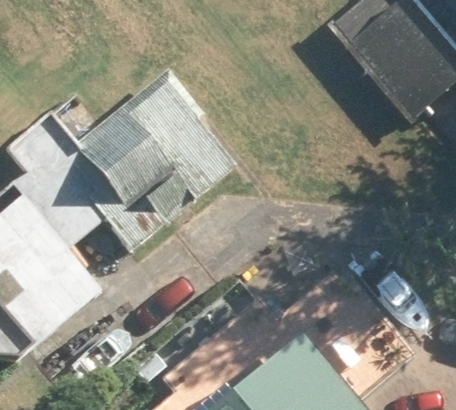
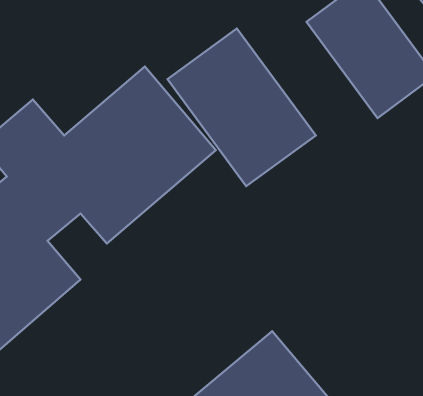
building: none -> [167,29,316,186]

